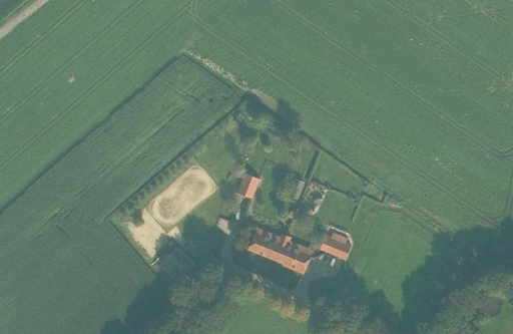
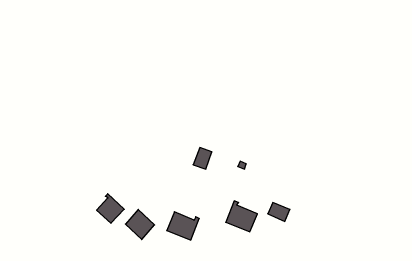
building: none -> [97,194,124,223]
building: [246,228,285,261] -> [167,212,199,240]

